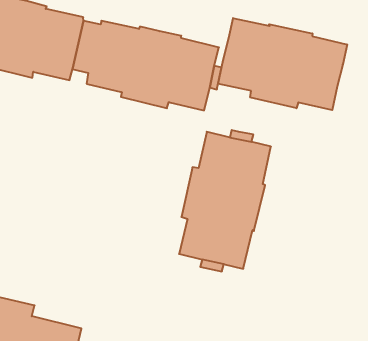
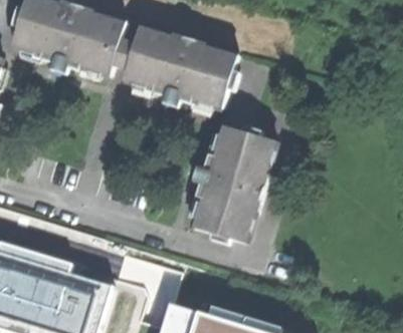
building: [218,18,347,110] -> none

